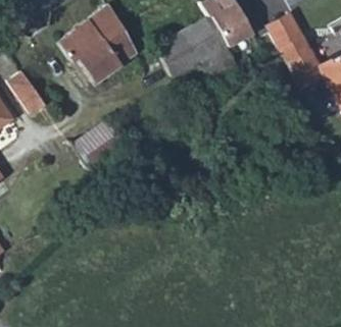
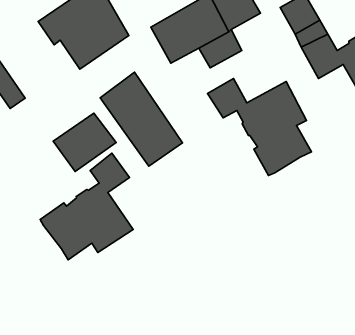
building: none -> [100,72,182,166]
building: none -> [208,79,311,176]
building: none -> [40,153,133,260]

